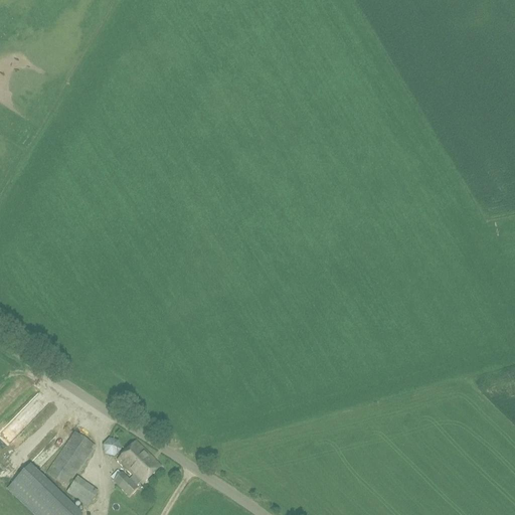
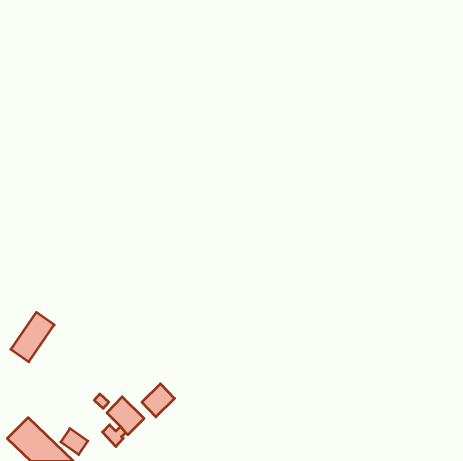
building: none -> [142,384,175,417]
building: [46,431,95,486] -> [11,312,54,362]

